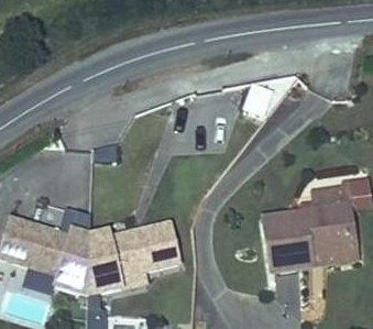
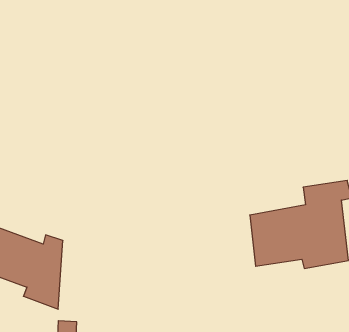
building: [86,223,179,297] -> none

